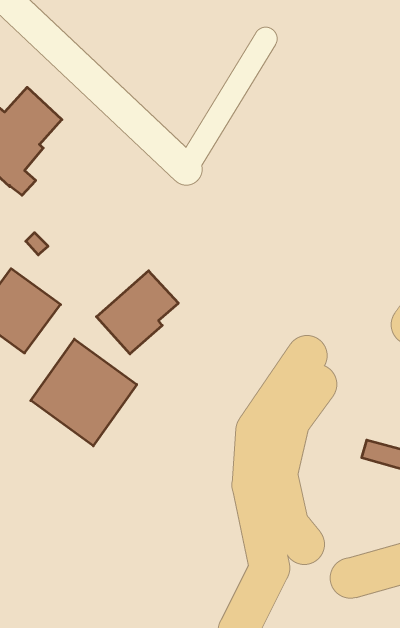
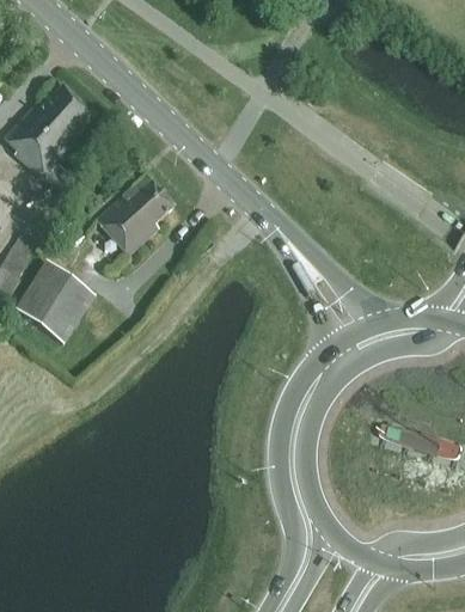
building: [96,271,178,354] -> [96,175,175,255]
building: [31,339,137,446] -> none

